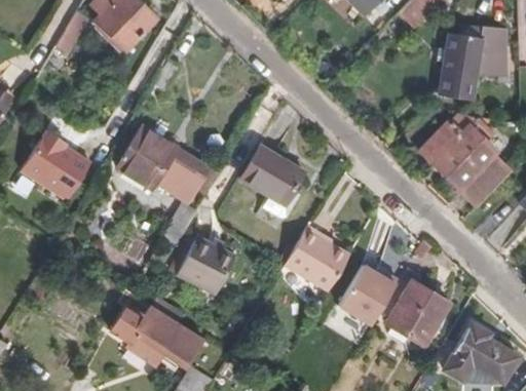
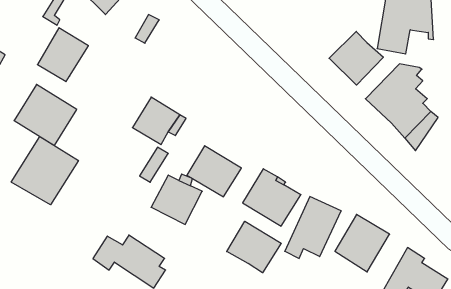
building: none -> [329,31,383,85]
building: [119,126,178,188] -> [37,28,88,82]
building: [242,142,305,200] -> [187,146,241,197]
building: none -> [11,136,78,205]
building: none -> [227,221,281,273]

